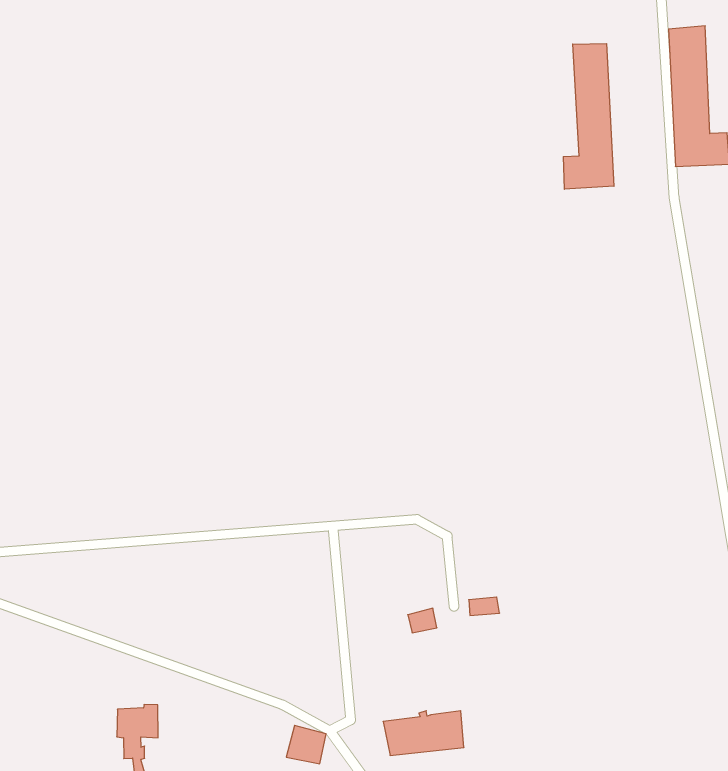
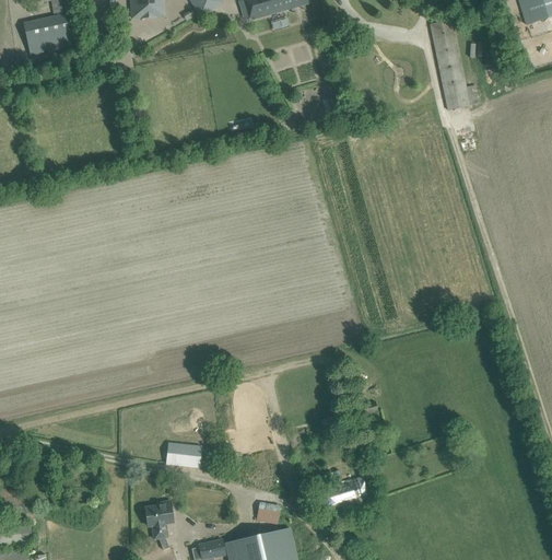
building: [563,44,614,189] -> none
building: none -> [165,443,200,466]

